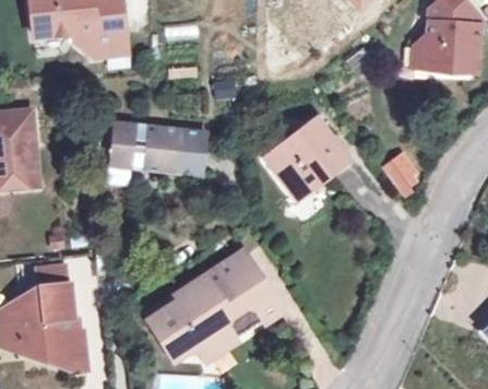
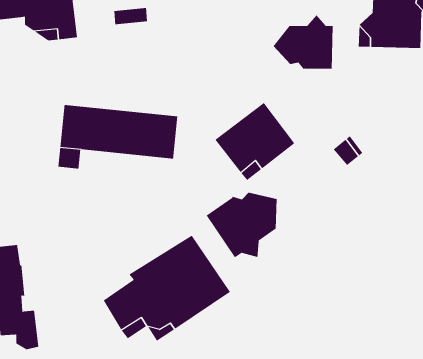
building: none -> [273,14,333,70]
building: none -> [206,192,277,258]

